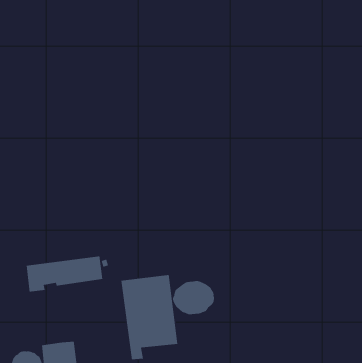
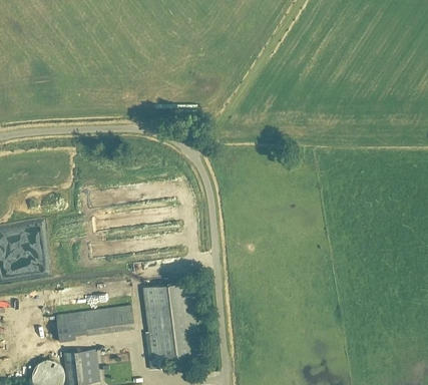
building: [26,256,103,292] -> [55,305,134,342]
building: [172,280,215,315] -> none

